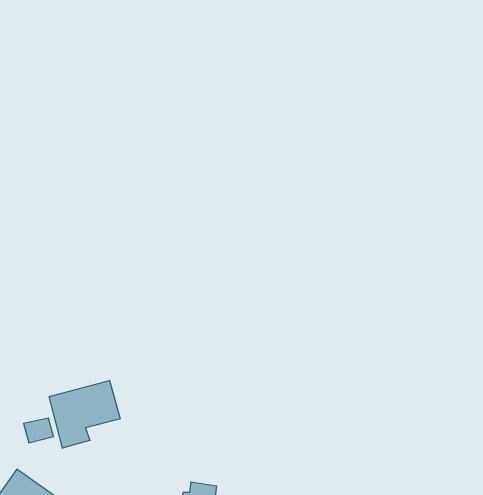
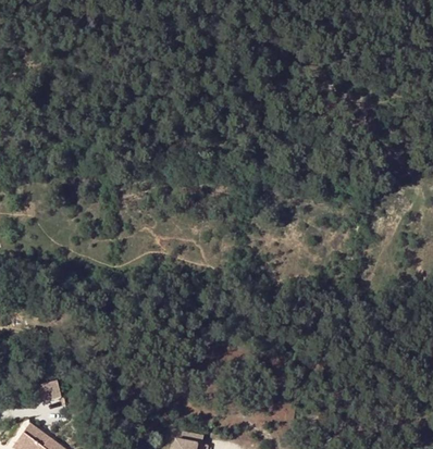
building: [49,380,120,448] -> none

